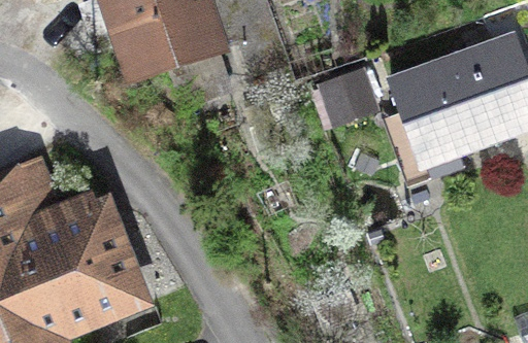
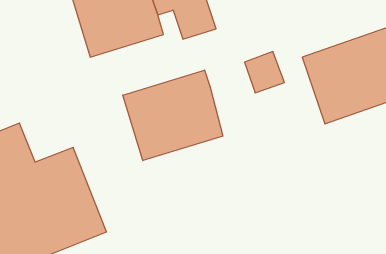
building: none -> [123,70,223,161]

